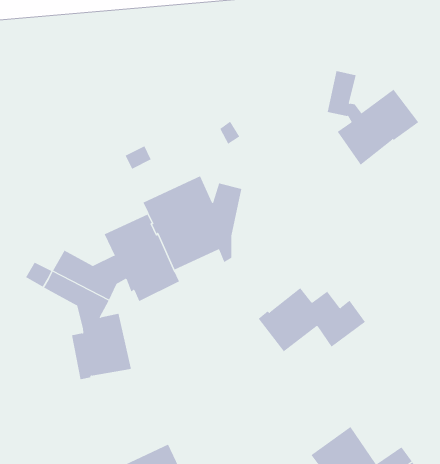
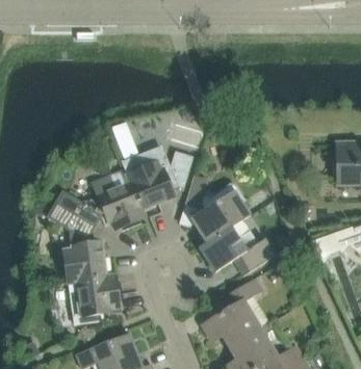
building: [327,71,419,165] -> [185,174,251,242]
building: none -> [203,276,262,346]
building: none -> [69,274,119,314]

